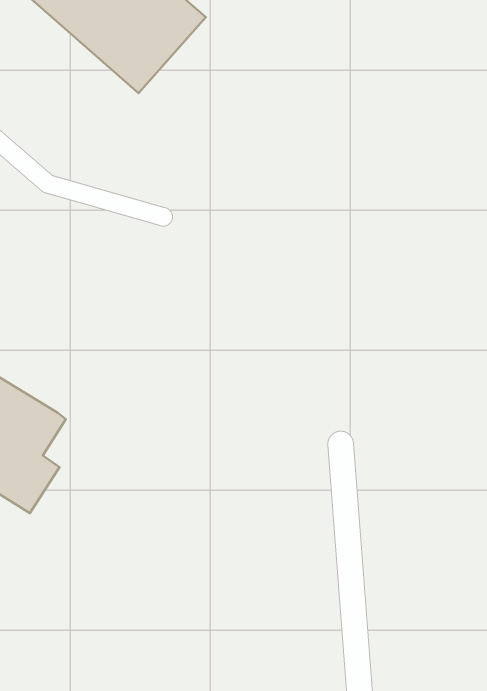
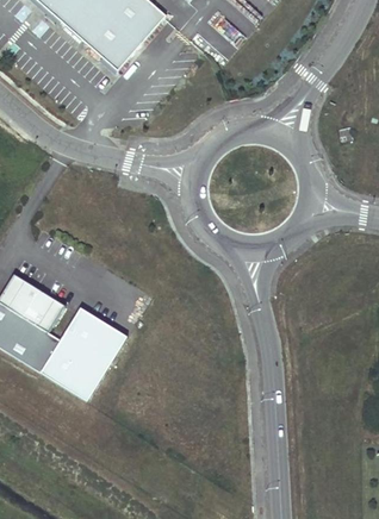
building: none -> [39,305,126,400]

